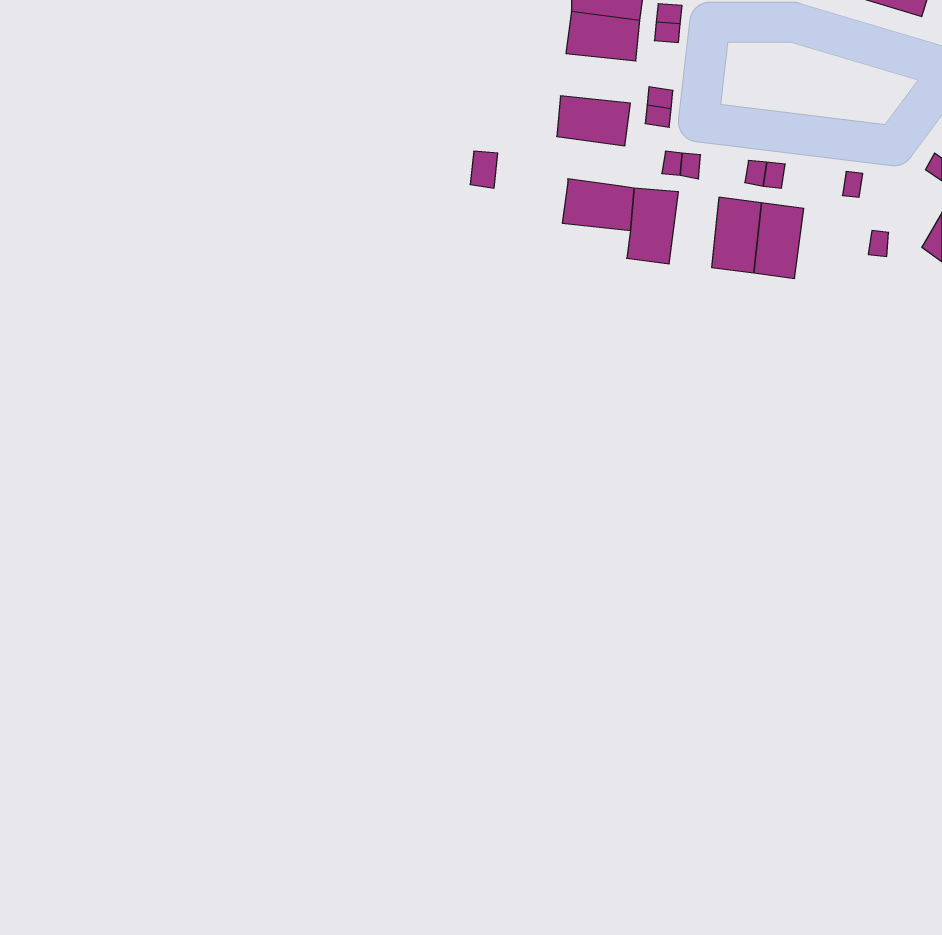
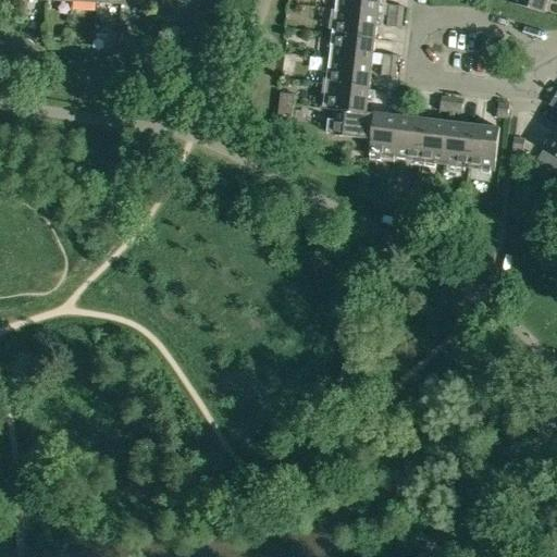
building: none -> [331,32,375,61]
building: none -> [325,81,369,110]
building: none -> [395,113,424,158]
building: none -> [469,123,500,168]

